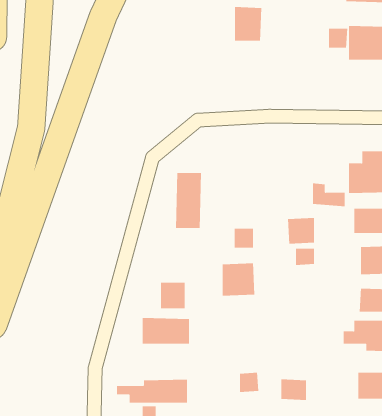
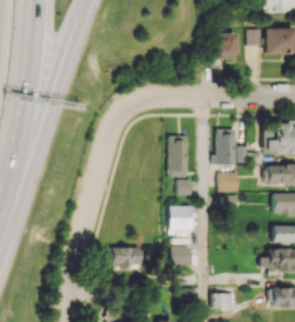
building: [234,7,262,41] -> [216,33,237,59]
building: none -> [214,129,234,165]
building: [175,172,202,228] -> [167,136,187,178]
building: [160,282,186,309] -> [171,247,190,267]
building: [116,379,188,403] -> none

